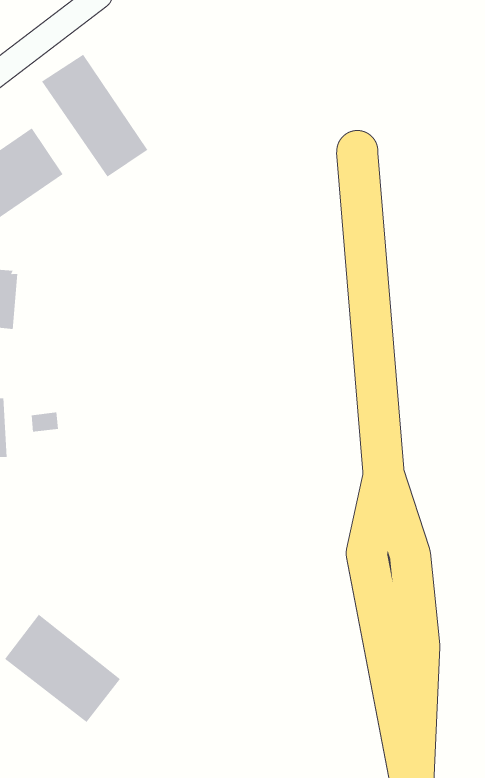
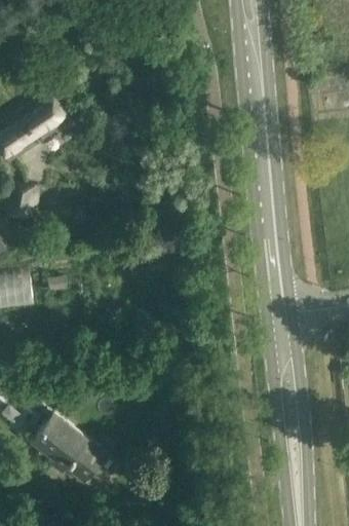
building: [41,54,148,178] -> none

